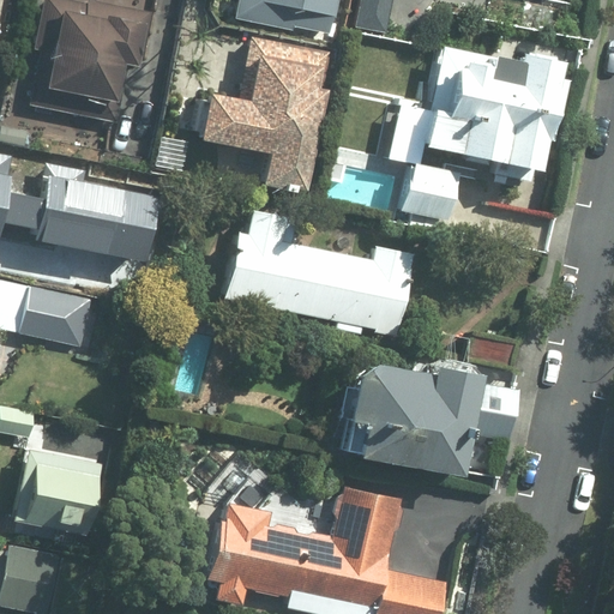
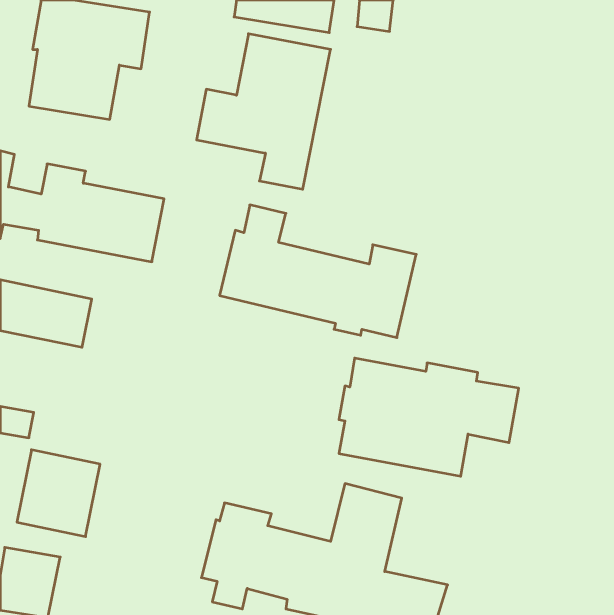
building: [397,44,564,219] -> none

